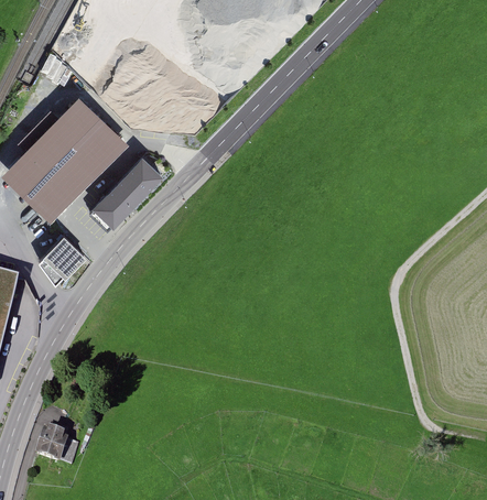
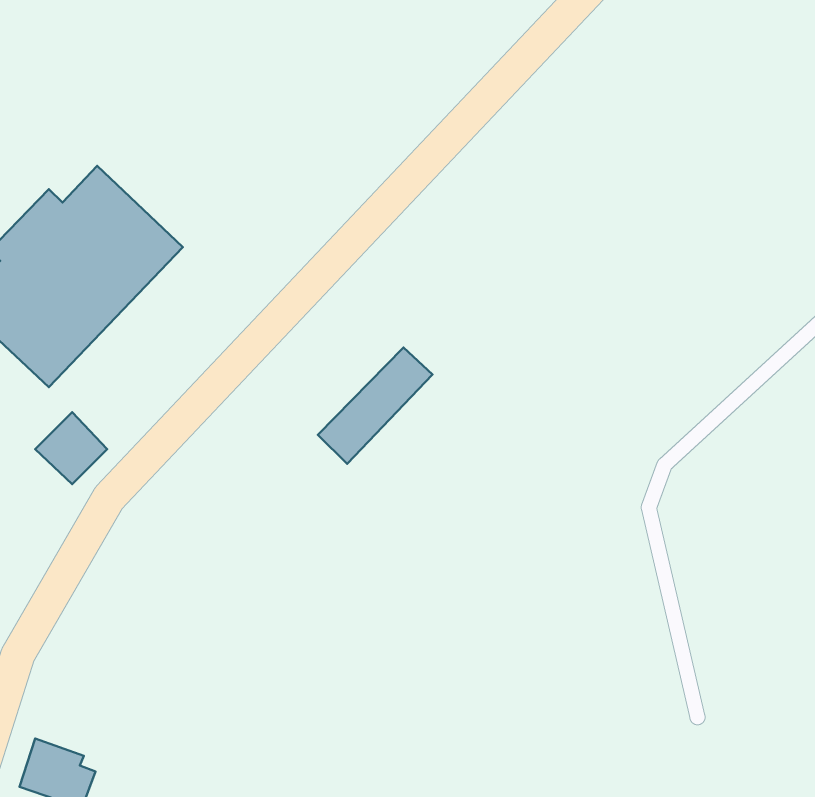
building: [90,163,155,229] -> [318,347,433,464]

